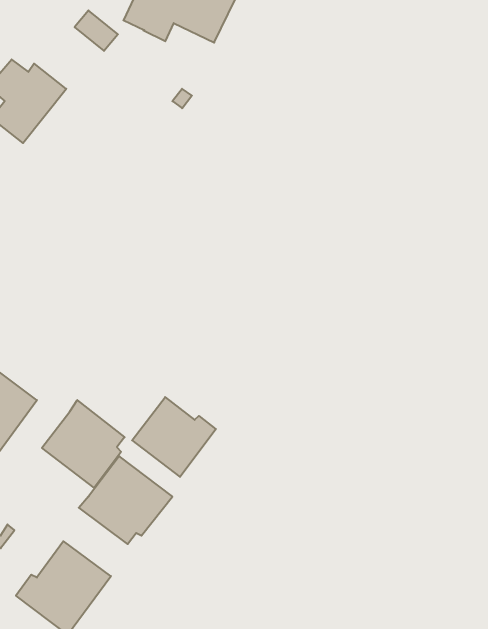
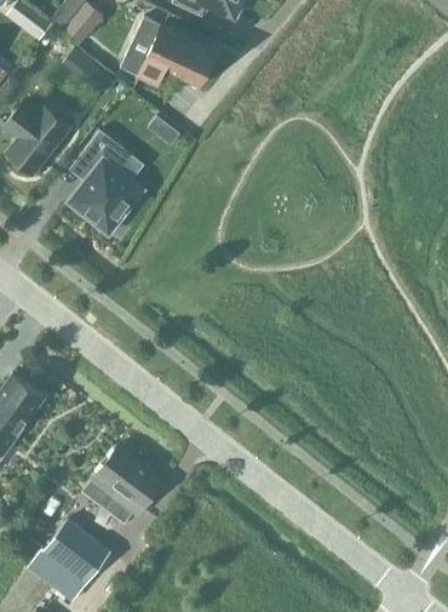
building: none -> [68,130,143,234]
building: [132,397,216,477] -> none
building: [42,400,125,488] -> none

